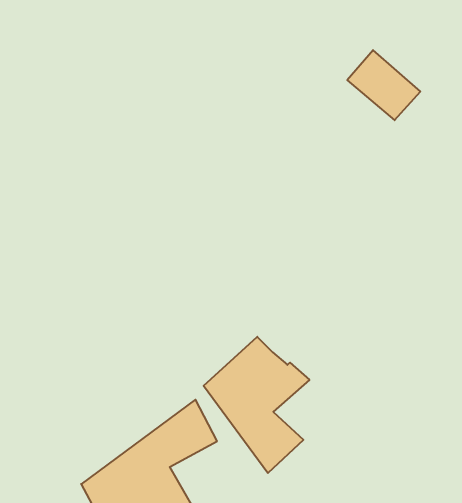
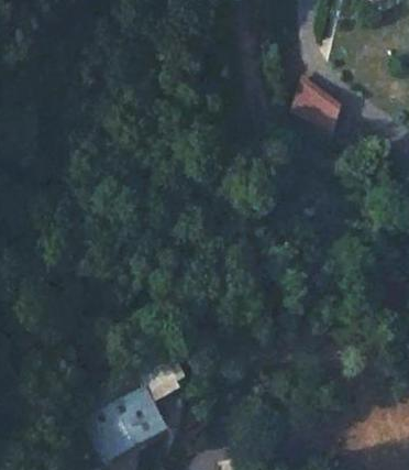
building: [204,337,309,473] -> none

